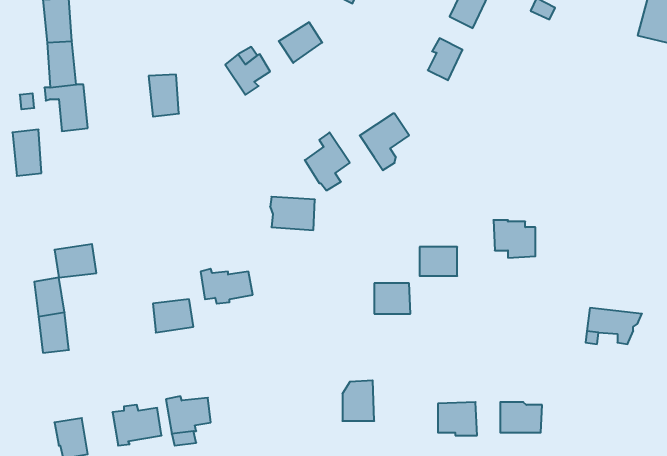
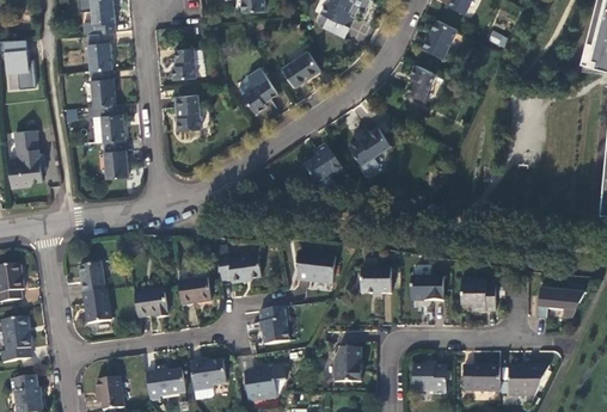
building: none -> [172,47,202,76]
building: [12,130,41,176] -> [103,139,127,177]
building: [270,197,315,230] -> [296,251,333,278]
building: [493,220,535,258] -> [459,278,493,309]
building: [54,244,96,277] -> [134,290,168,318]
building: [420,247,457,276] -> [411,275,442,299]
building: none -> [259,307,289,344]
building: none -> [509,365,547,395]
building: none -> [244,368,286,401]

